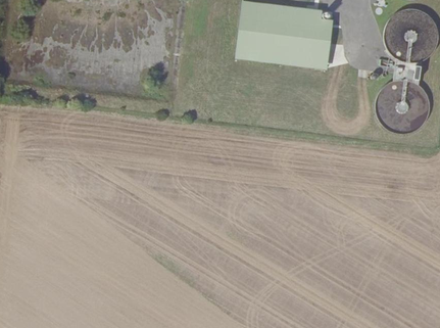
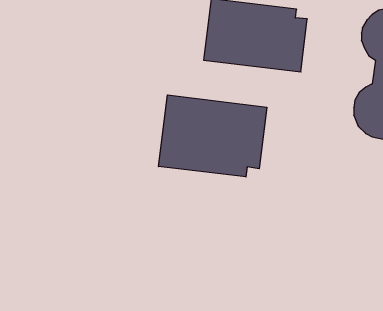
building: none -> [159,95,267,177]

